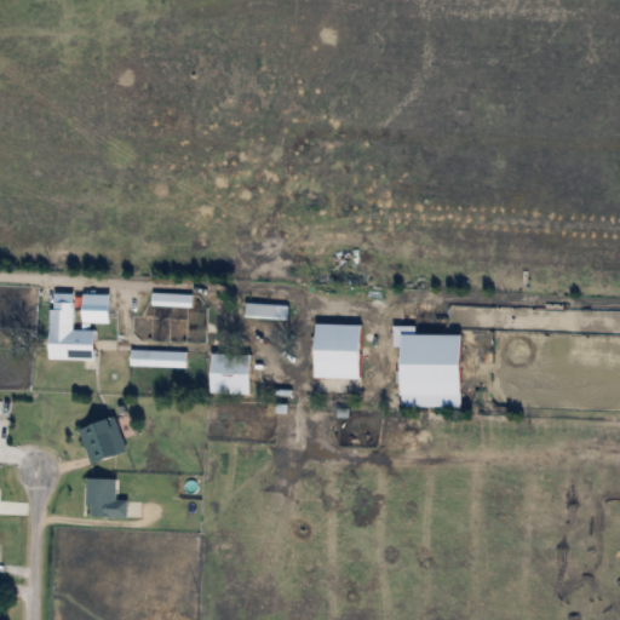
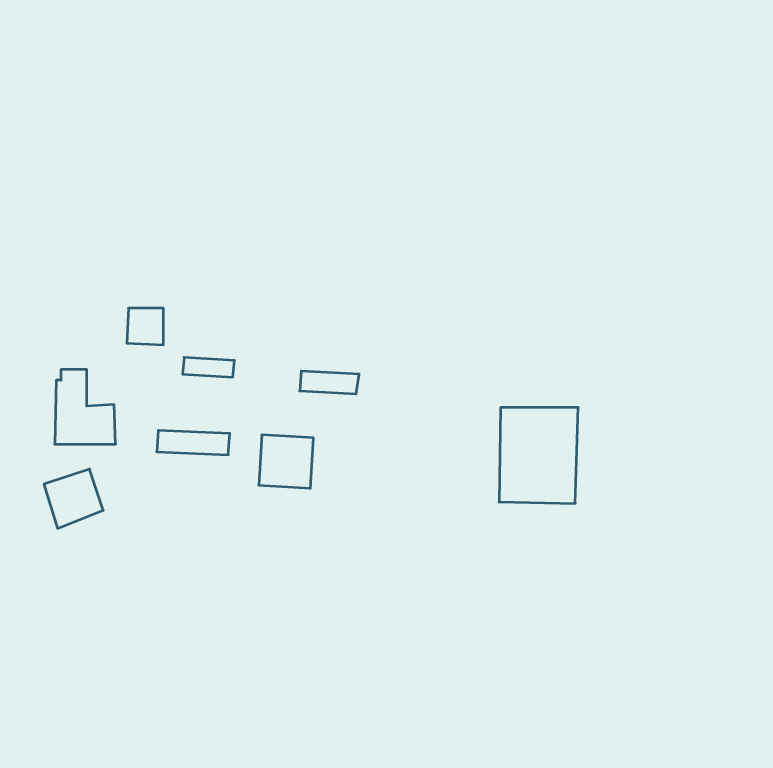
building: [80,295,109,325] -> [127,308,163,345]
building: [312,322,362,378] -> none
building: [78,417,125,464] -> [44,469,103,528]
building: [84,481,127,517] -> none

